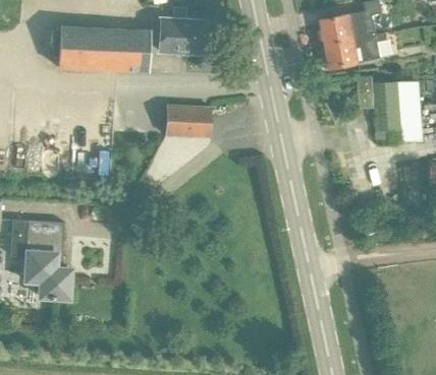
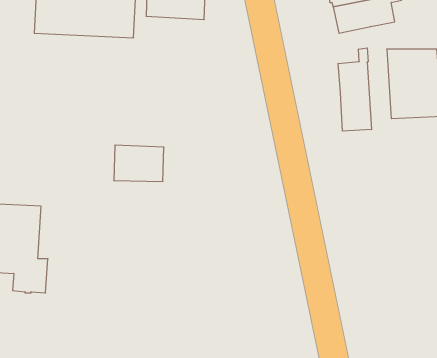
building: none -> [338,48,371,131]
building: [165,105,210,137] -> [114,145,164,181]

